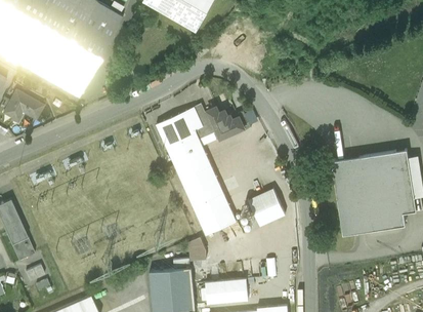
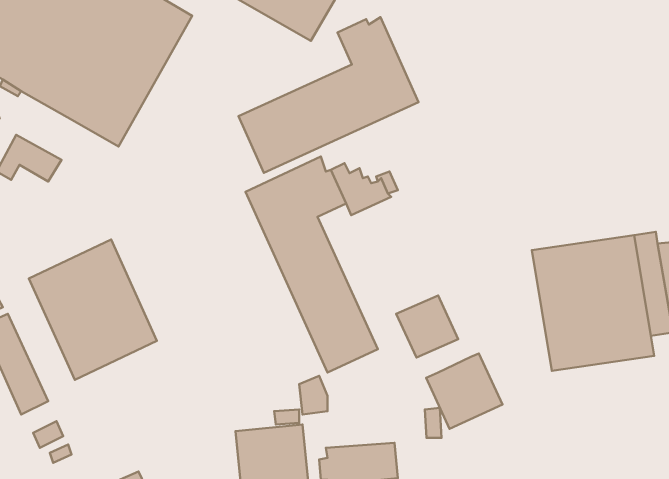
building: none -> [239,17,419,173]
building: none -> [29,240,157,380]
building: none -> [426,354,503,429]

